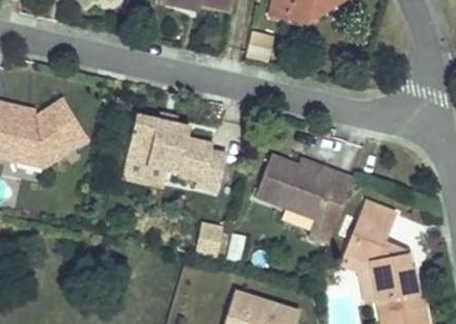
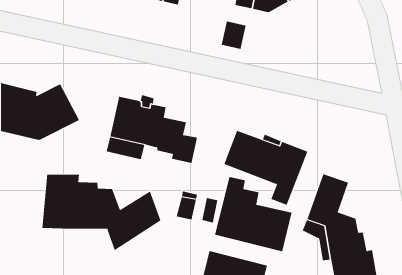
building: none -> [42,174,161,251]
building: none -> [215,176,292,252]

